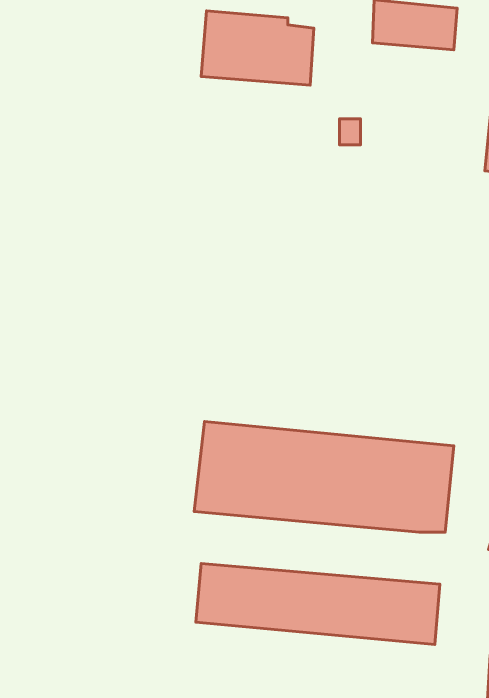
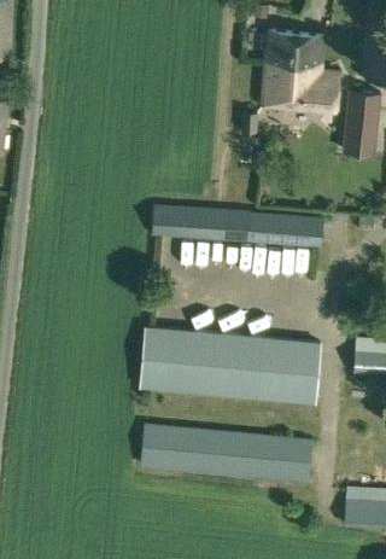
building: [201,11,314,85] -> [261,62,339,113]
building: none -> [151,205,323,249]

